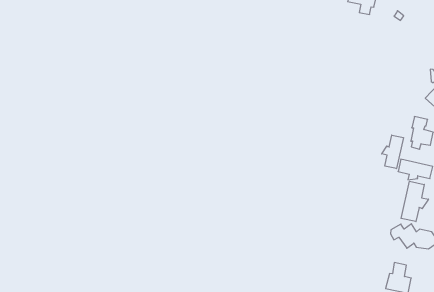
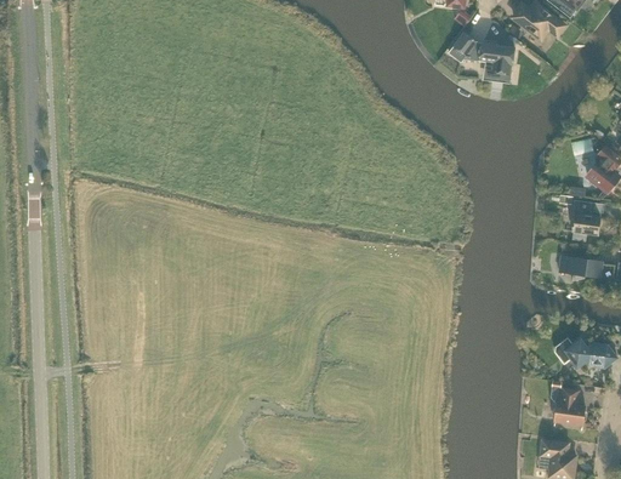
building: [382,135,403,169] -> none
building: [401,181,428,222] -> none

